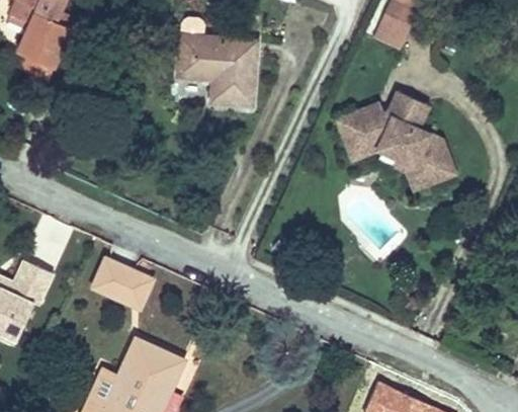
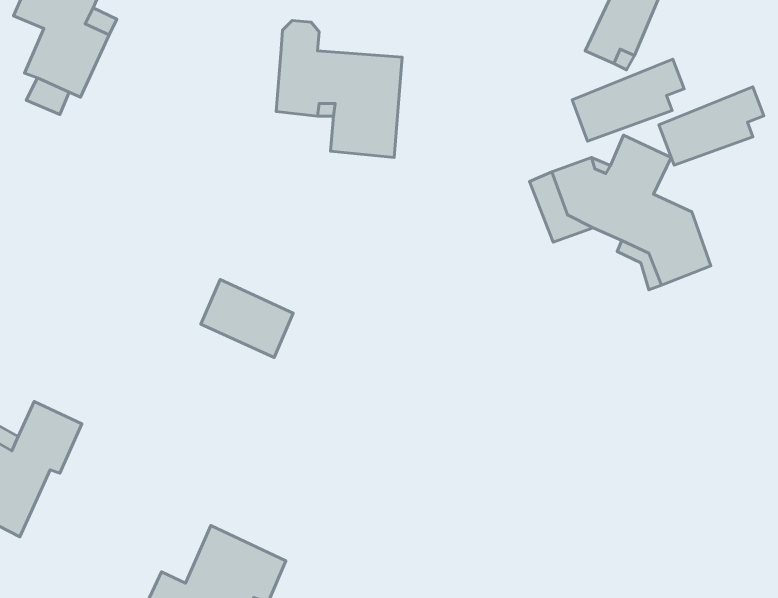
building: none -> [572,59,684,141]
building: none -> [659,87,764,165]
building: [93,258,152,308] -> [201,280,293,358]

